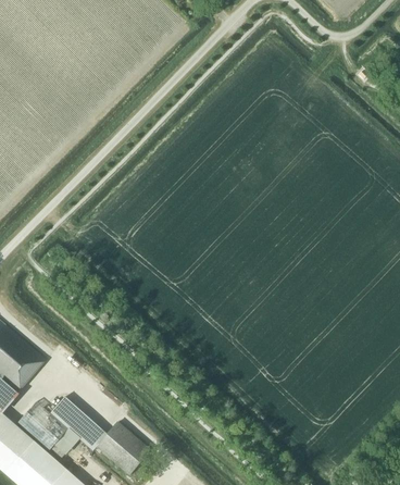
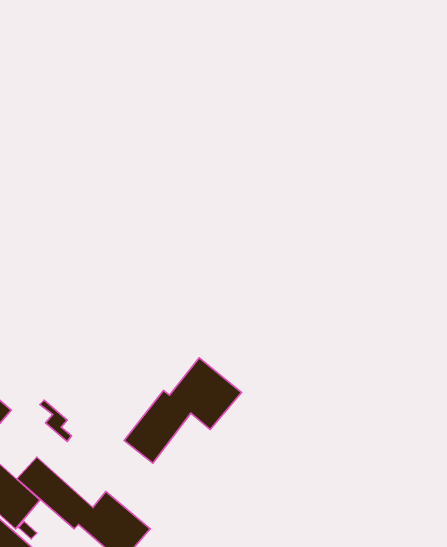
building: none -> [124,358,241,463]

